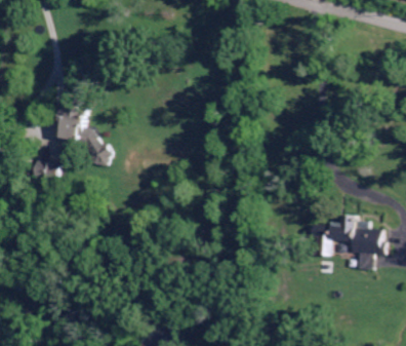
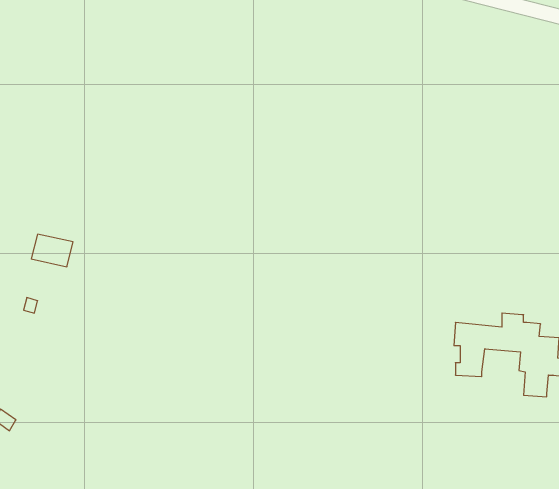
building: [53,100,110,165] -> none

